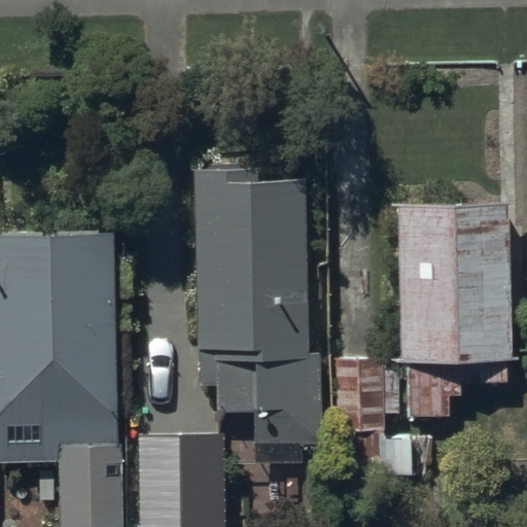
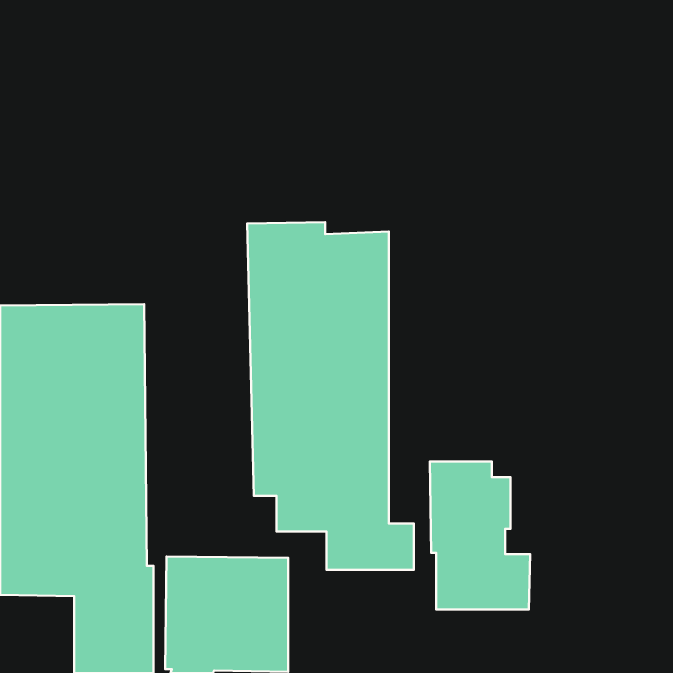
building: [396,202,507,417] -> none

